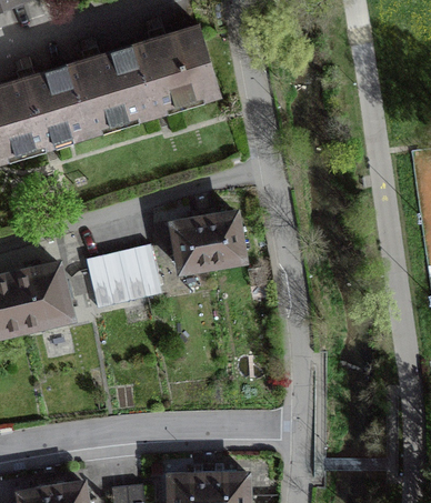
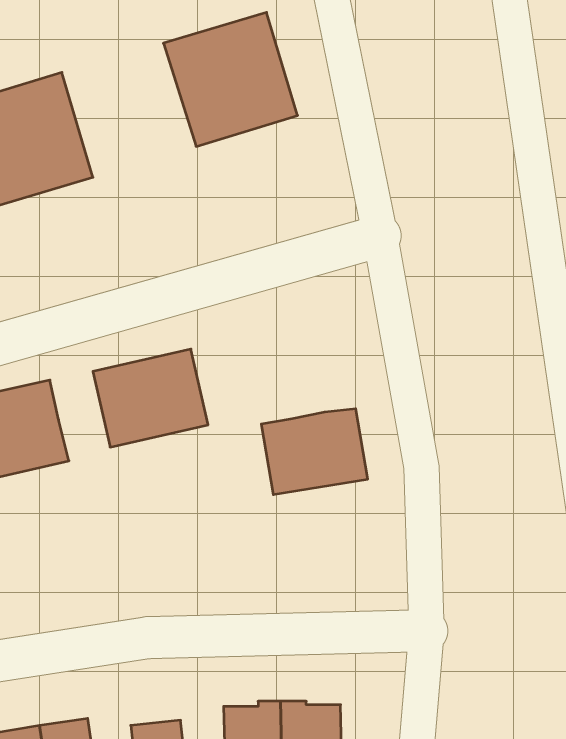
building: [67,48,153,134] -> none
building: [174,215,243,271] -> [261,409,368,495]

